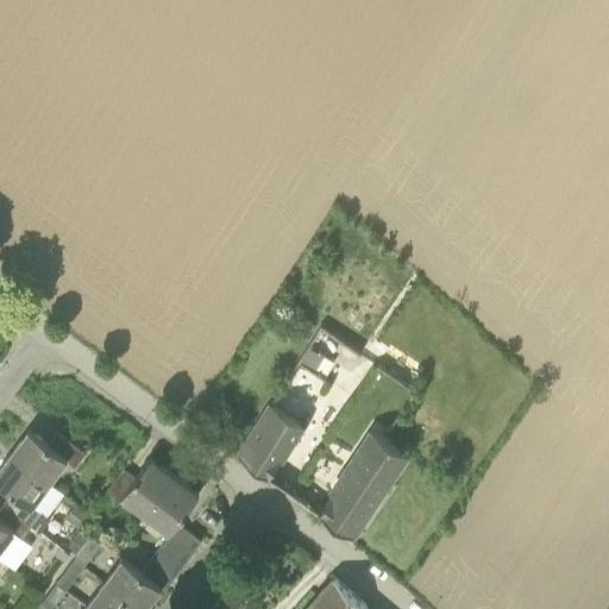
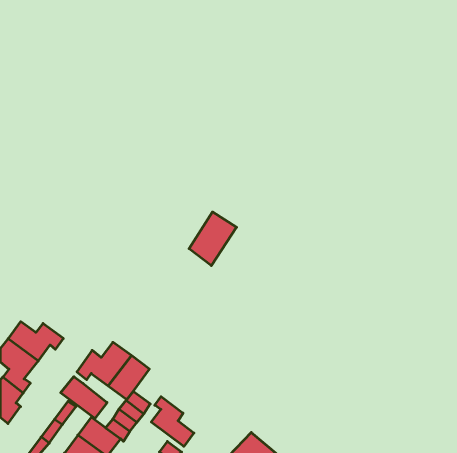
building: [239,408,302,479] -> [189,212,237,266]
building: [320,434,408,540] -> none
building: none -> [61,377,107,418]
building: none -> [151,397,194,446]

